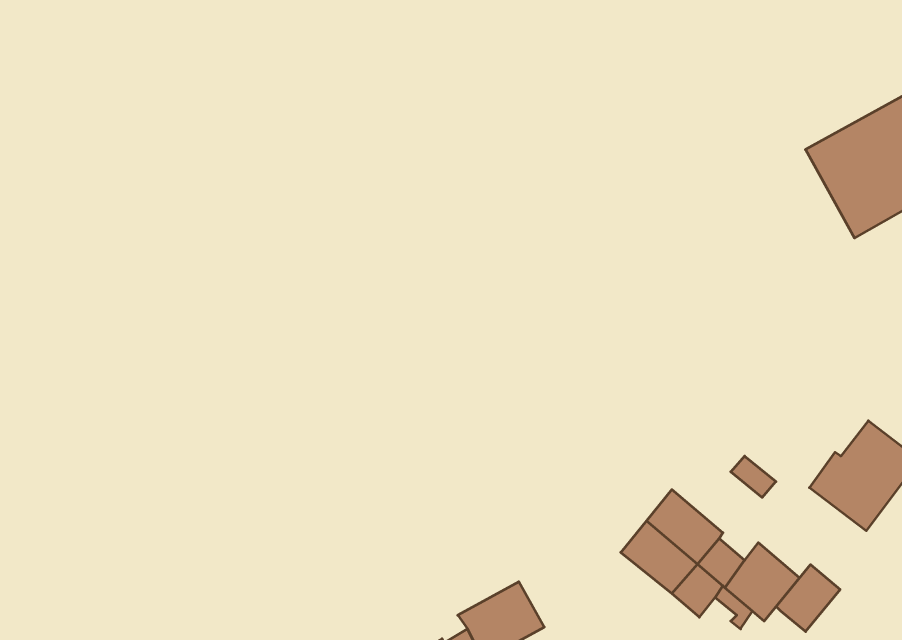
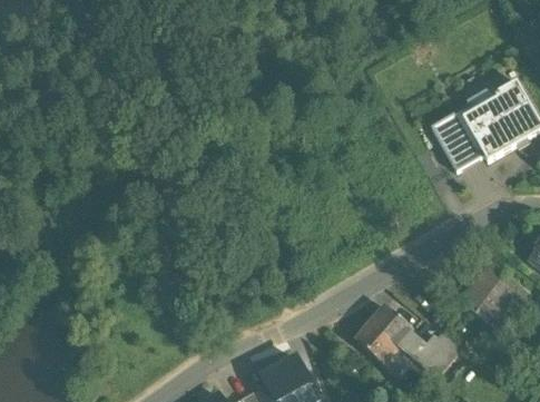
building: none -> [432,112,484,173]
building: [776,565,840,632] -> none

